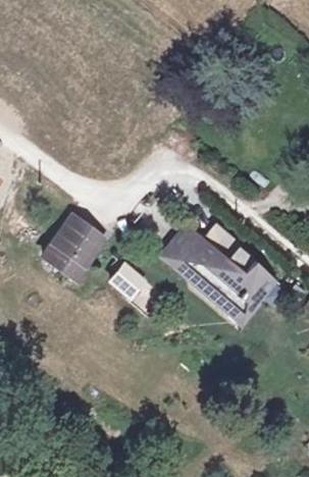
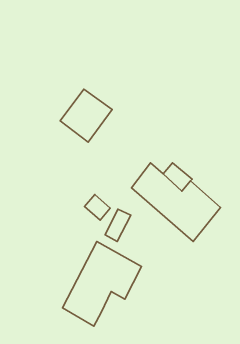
building: [42,214,104,277] -> [60,89,112,142]
building: none -> [63,241,141,326]

